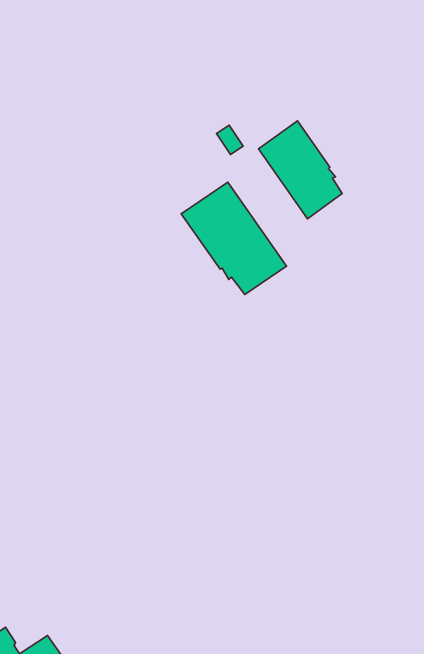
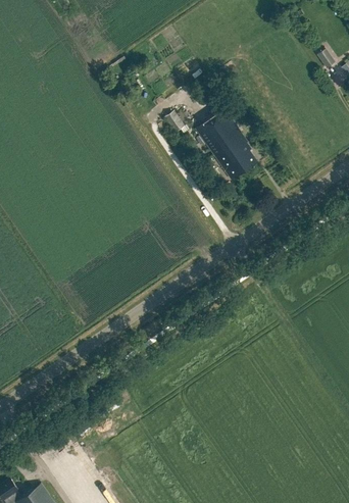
building: [181,182,287,295] -> none

